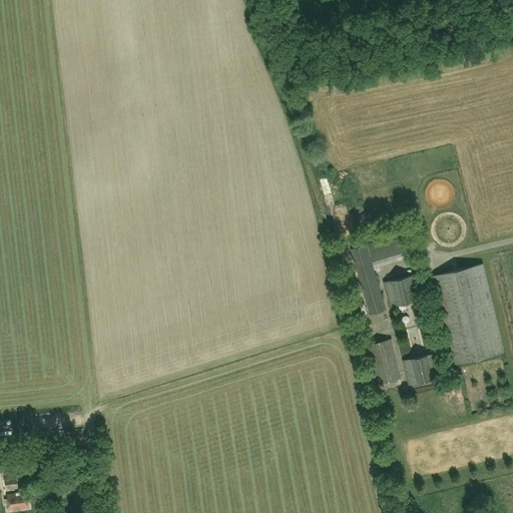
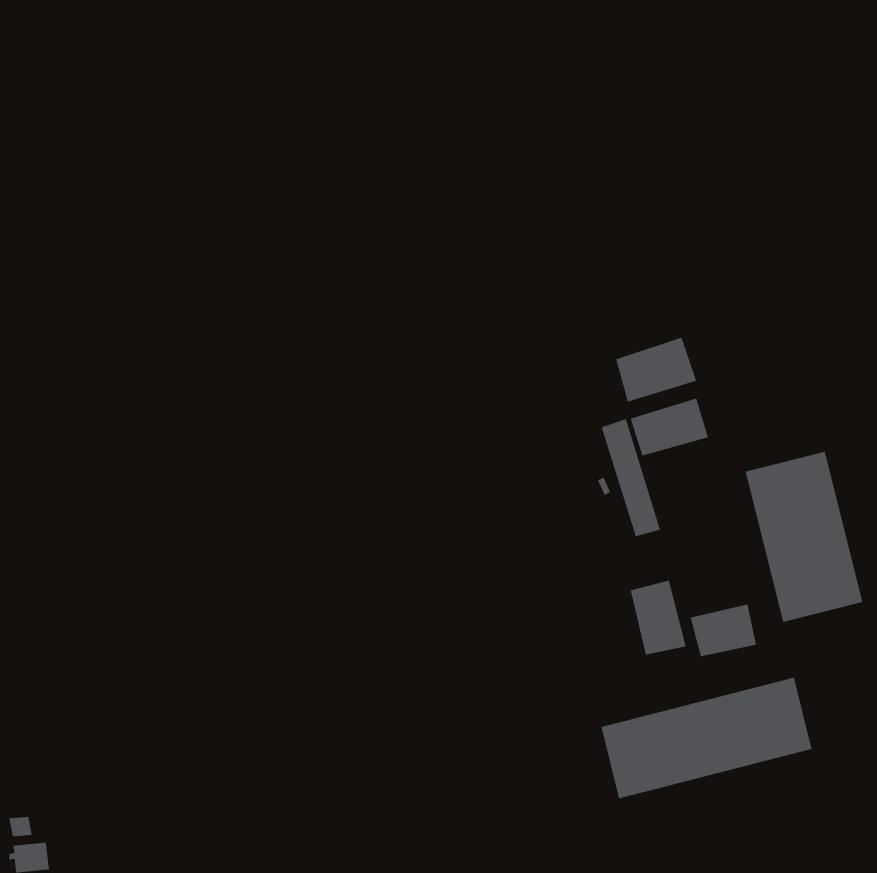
building: none -> [615,337,697,402]
building: [384,277,422,303] -> none
building: none -> [601,677,812,799]

